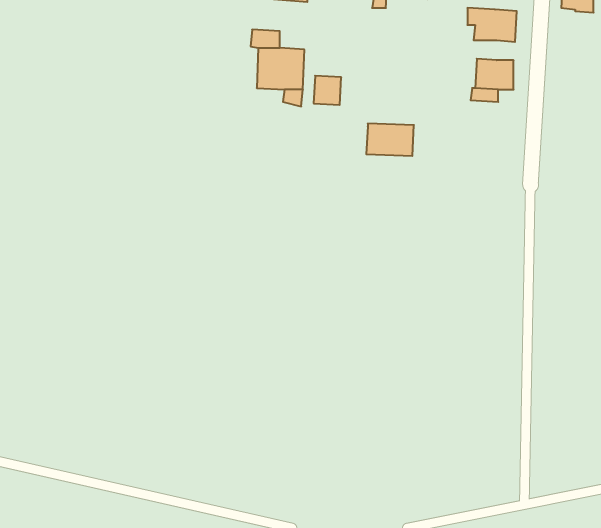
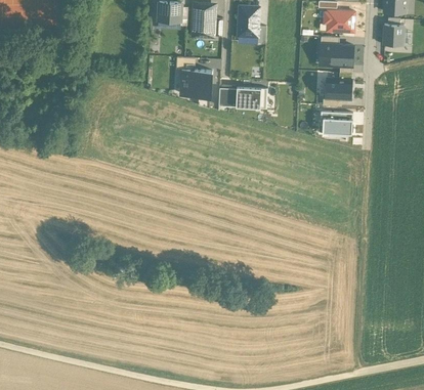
building: none -> [320,111,352,137]
building: [366,124,414,156] -> [235,87,266,109]

